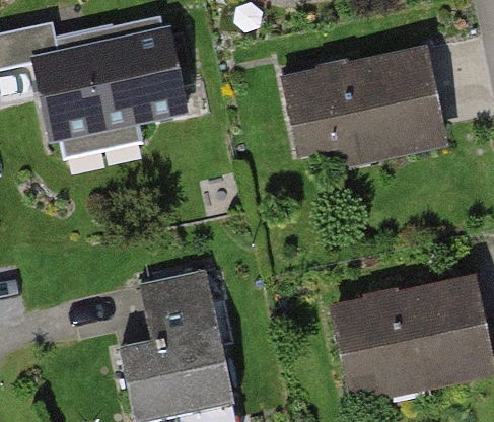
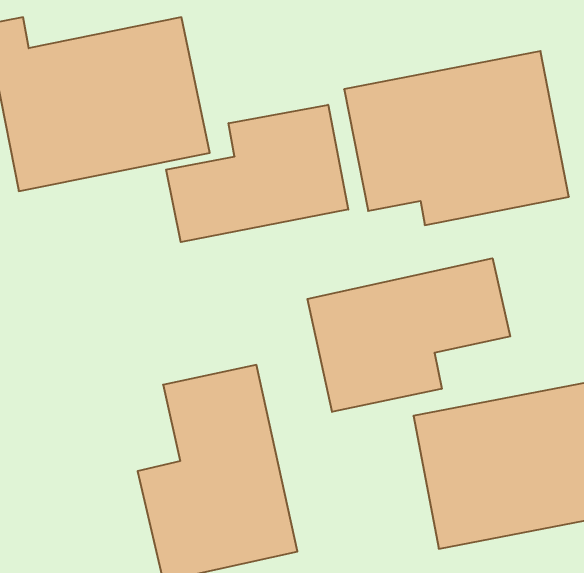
building: none -> [166,105,348,242]
building: none -> [307,258,510,412]

